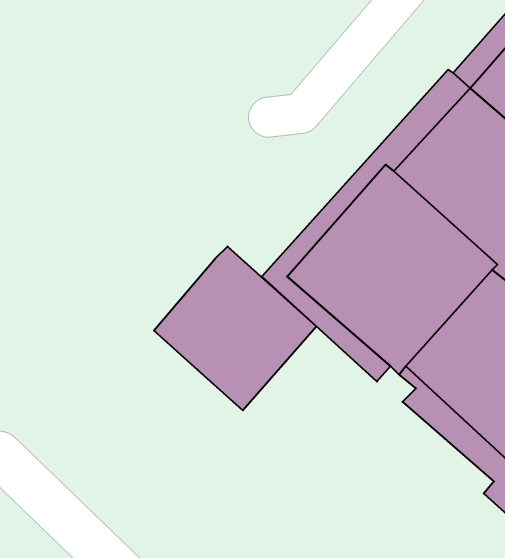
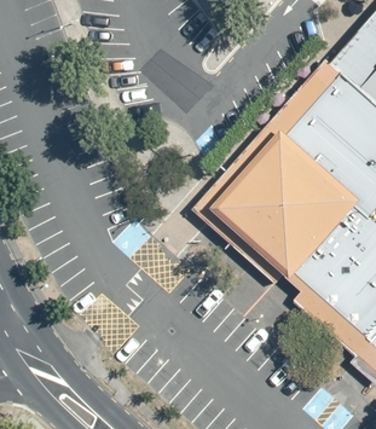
building: [154,246,317,410] -> none

